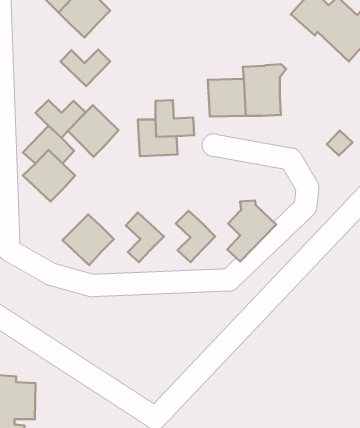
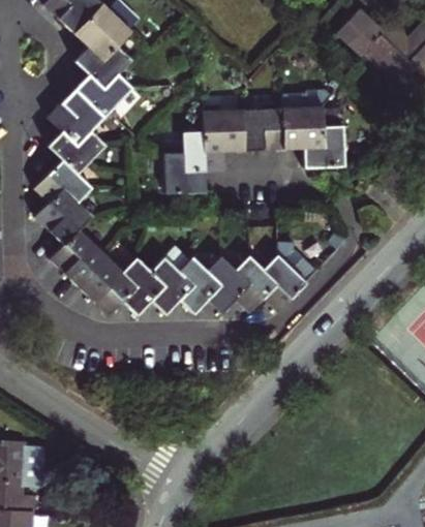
building: none -> [73,45,133,90]
building: none -> [202,109,244,152]
building: none -> [303,125,346,168]
building: [68,105,118,157] -> [49,88,105,146]
building: none -> [50,231,108,288]
building: none -> [235,254,278,313]
building: none -> [178,256,222,314]
building: none -> [121,257,166,315]

